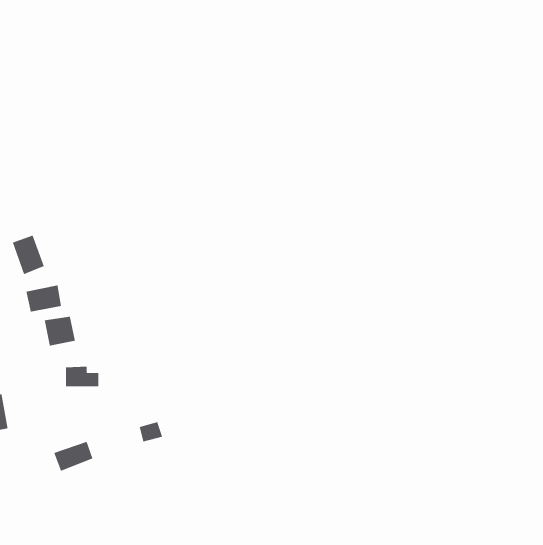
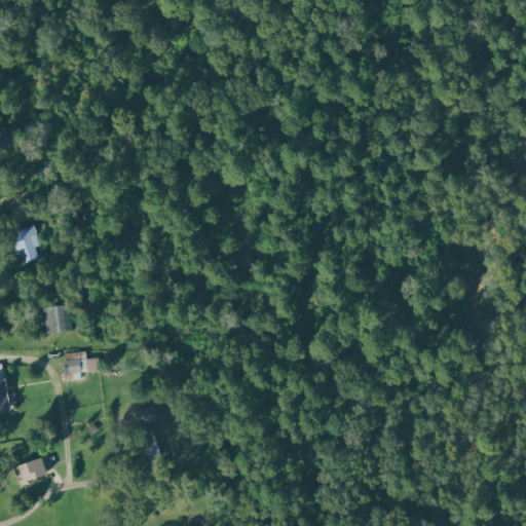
building: [26,285,62,313] -> none
building: [53,441,94,472] -> [11,456,50,486]

